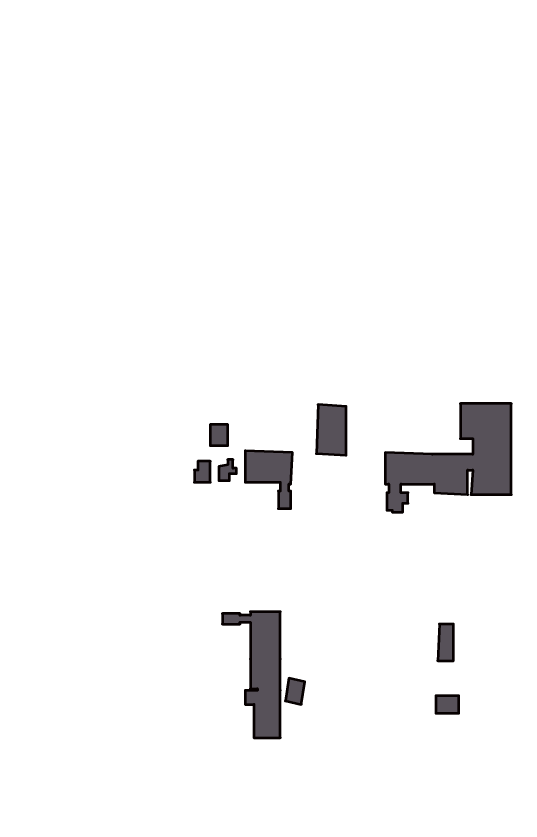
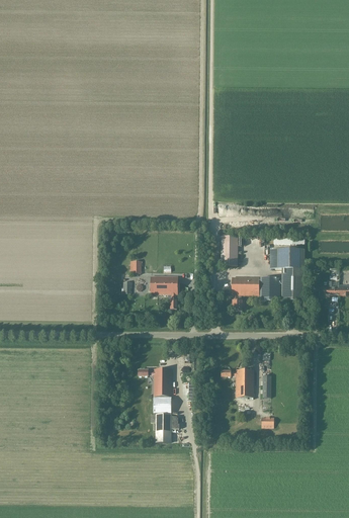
building: [316,405,346,455] -> [221,235,238,264]
building: none -> [221,368,254,396]

